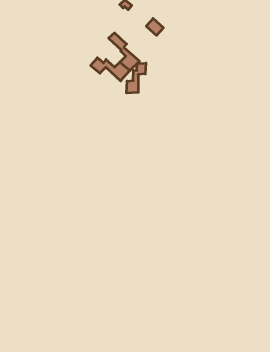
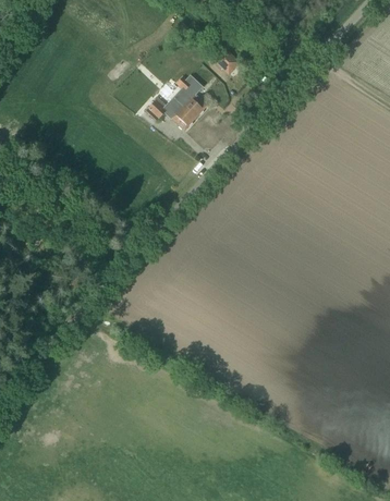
building: [127,63,146,93] -> none

